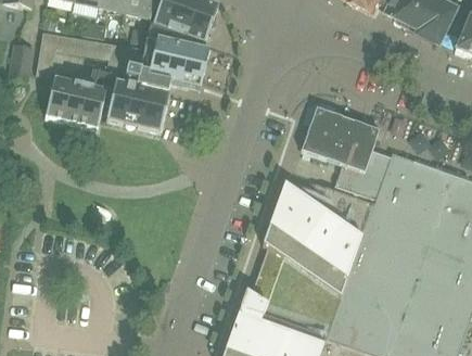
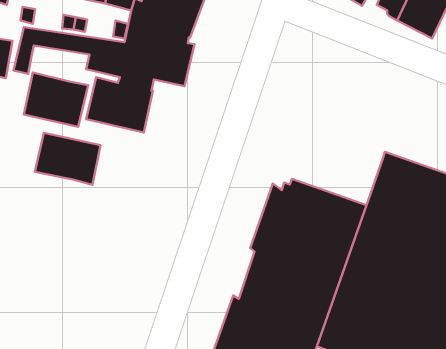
building: [301,101,391,201] -> none
building: none -> [35,133,101,185]

